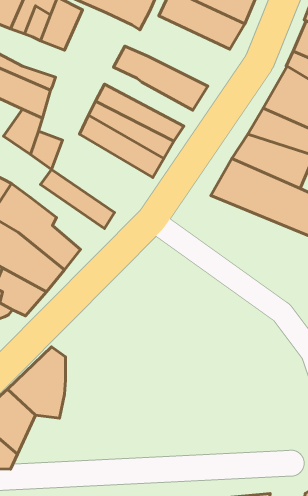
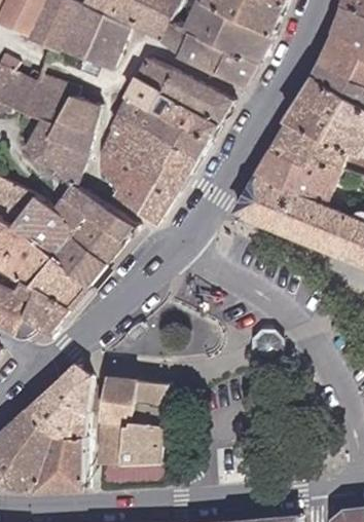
building: none -> [86,21,126,71]
building: none -> [163,22,256,85]
building: none -> [128,79,218,140]
building: none -> [60,99,100,154]
building: none -> [99,148,177,223]
building: none -> [51,199,124,266]
building: none -> [97,378,169,485]
building: none -> [31,436,83,491]

